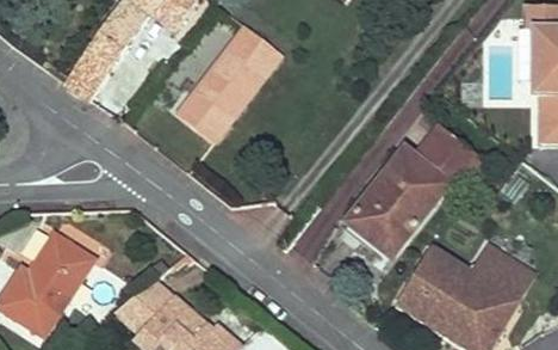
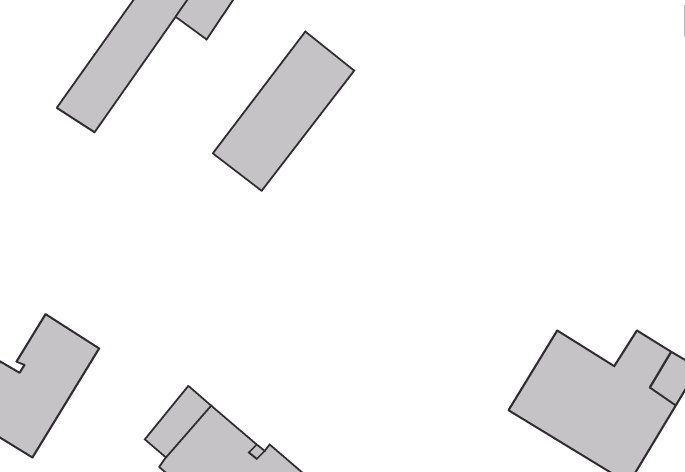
building: [345,123,482,256] -> none

